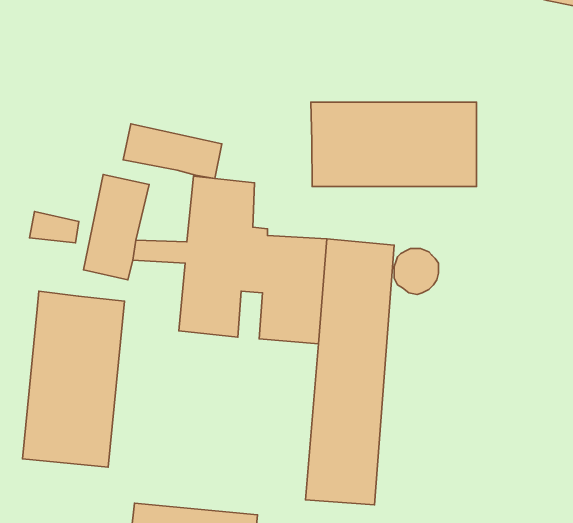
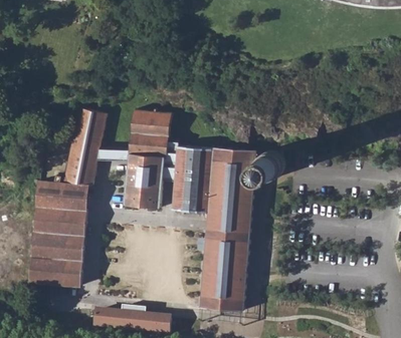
building: [311,102,477,187] -> none
building: [123,124,222,179] -> none
building: [29,212,79,243] -> [62,165,92,185]

